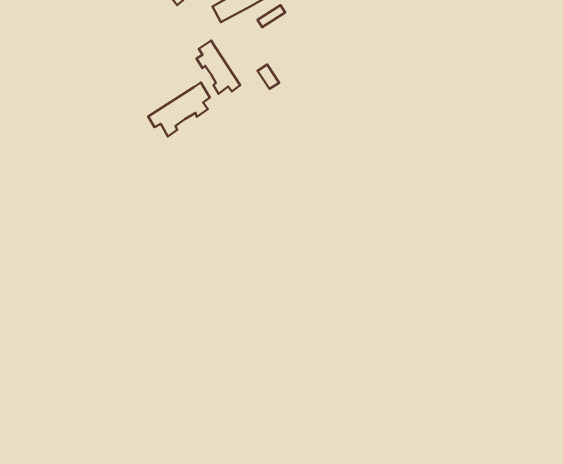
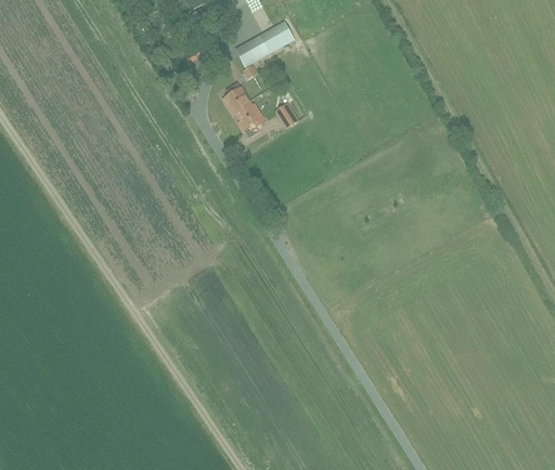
building: [148,82,210,136] -> none

